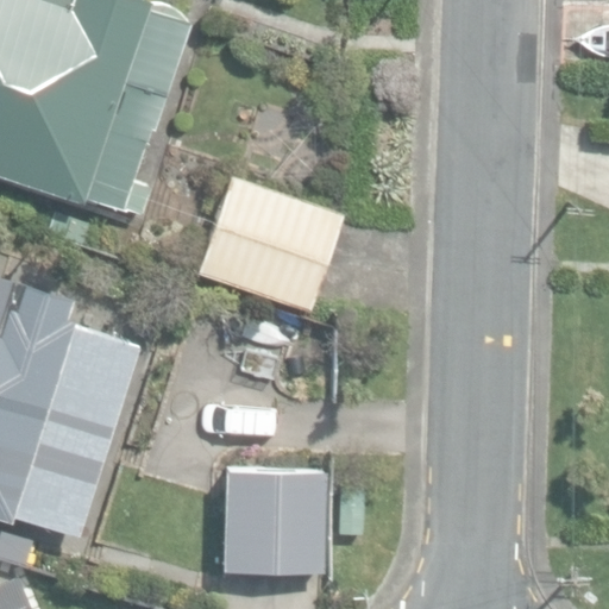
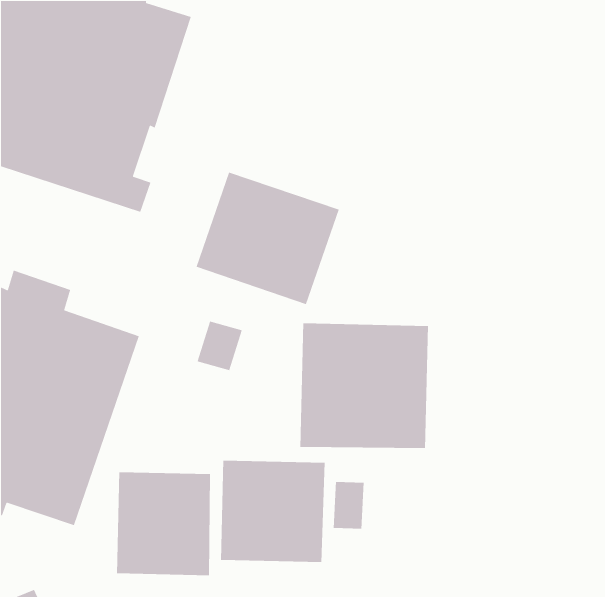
building: none -> [299,322,429,449]
building: none -> [116,471,211,576]

